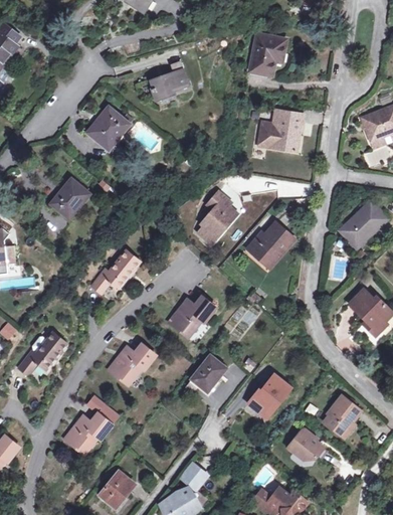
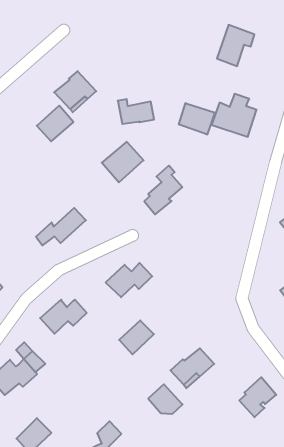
building: [152,72,192,100] -> [118,99,154,124]
building: none -> [179,103,215,135]
building: none -> [102,142,144,182]
building: [54,180,91,218] -> [37,106,73,141]
building: [247,224,293,266] -> none
building: [287,431,324,461] -> [148,384,183,414]

